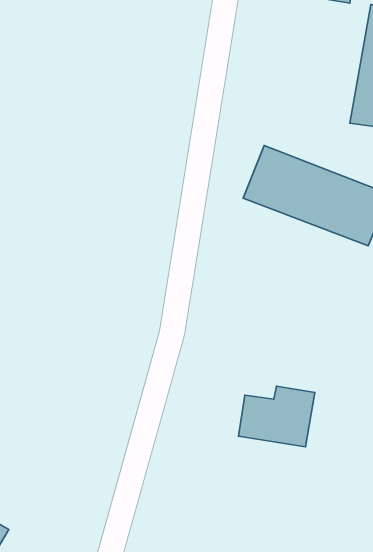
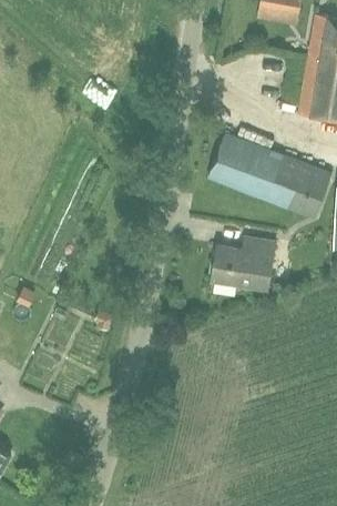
building: [238,386,315,447] -> [211,239,275,290]

